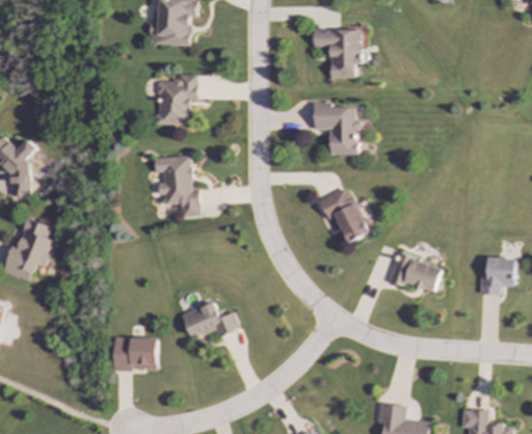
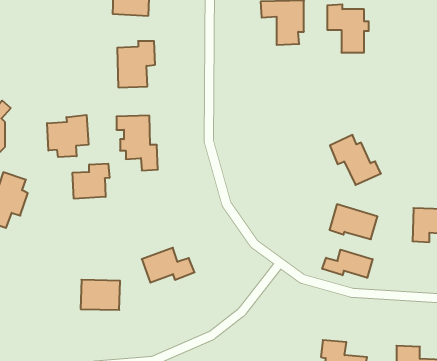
building: [314,102,360,155] -> [327,4,369,53]
building: none -> [47,115,88,157]
building: [318,188,374,243] -> [330,135,381,185]
building: none -> [73,164,109,199]
building: none -> [322,250,373,278]

